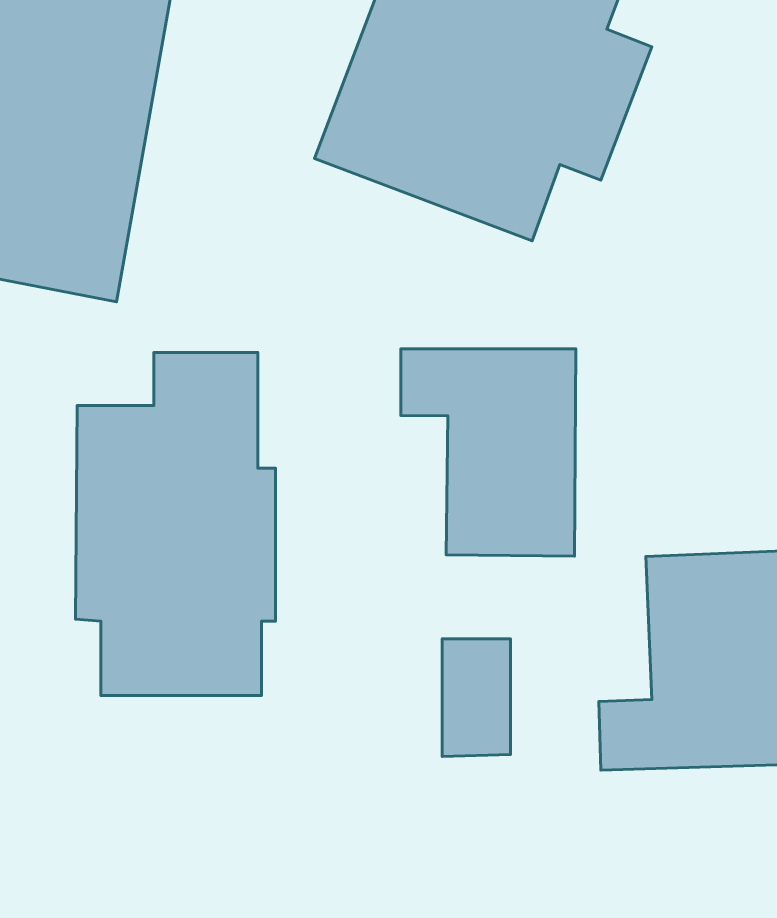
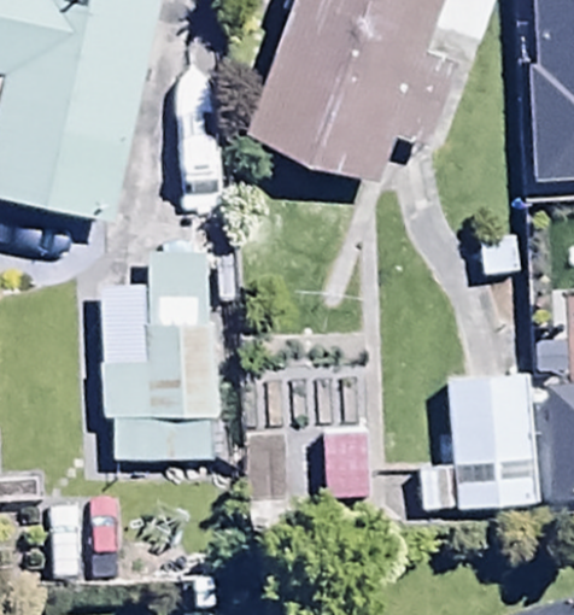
building: [401,349,576,556] -> none

